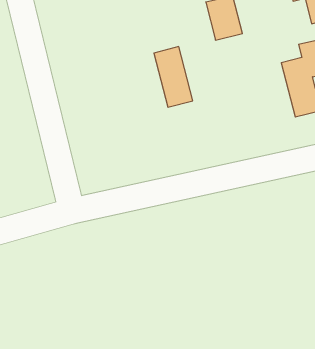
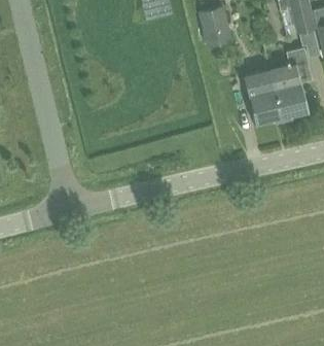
building: [154,47,193,107] -> [245,69,282,127]

